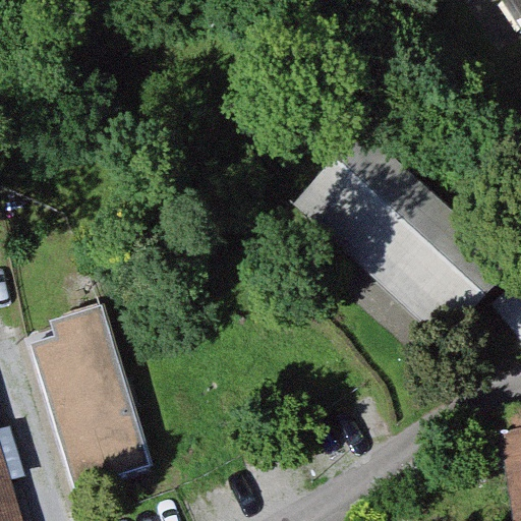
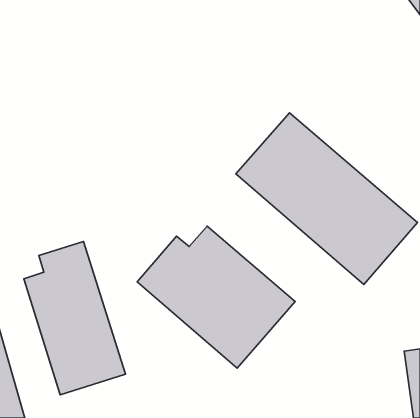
building: none -> [137,226,295,368]

